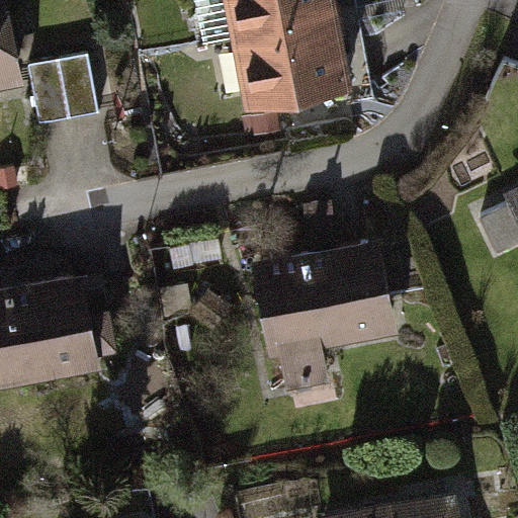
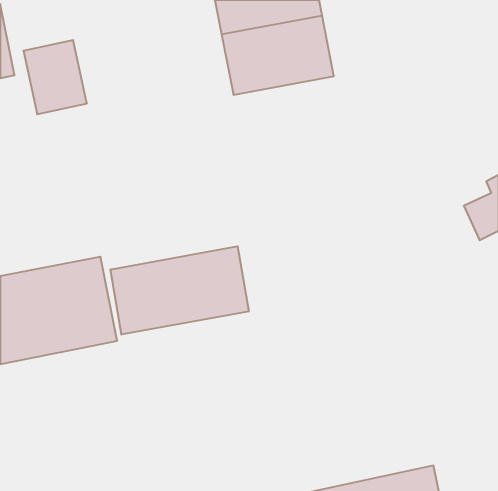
building: [250,242,396,383] -> none
building: none -> [110,246,249,335]

